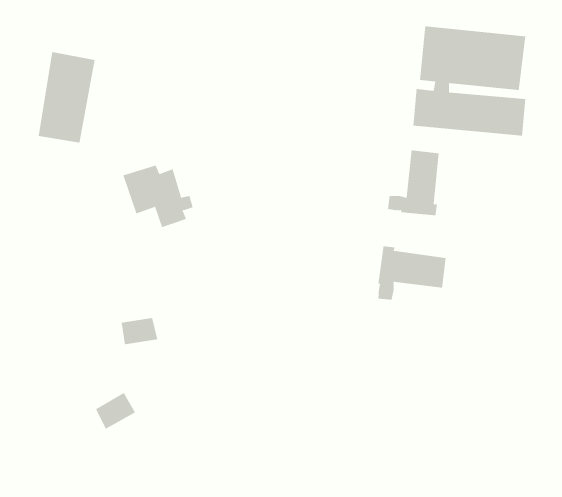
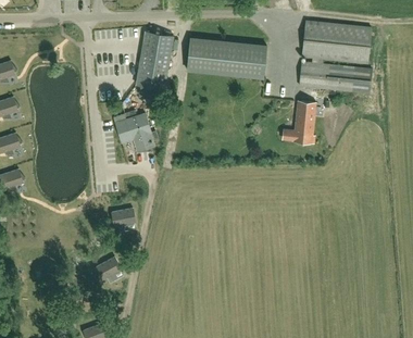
building: none -> [186,38,265,79]
building: [38,51,96,143] -> [136,32,173,90]
building: [378,246,446,301] -> none

